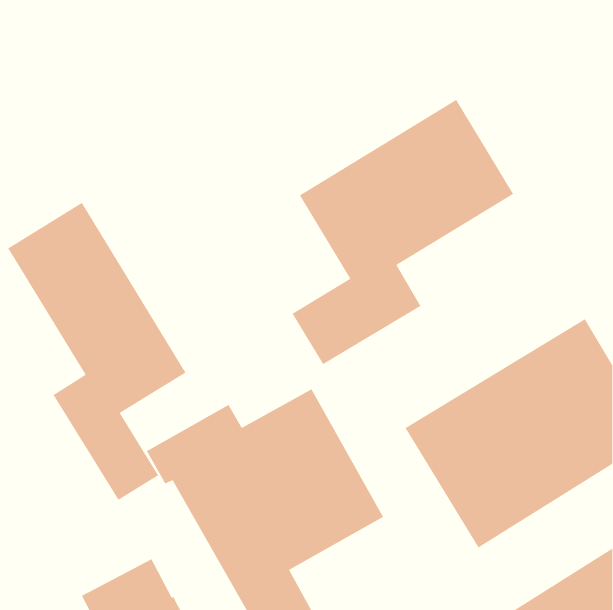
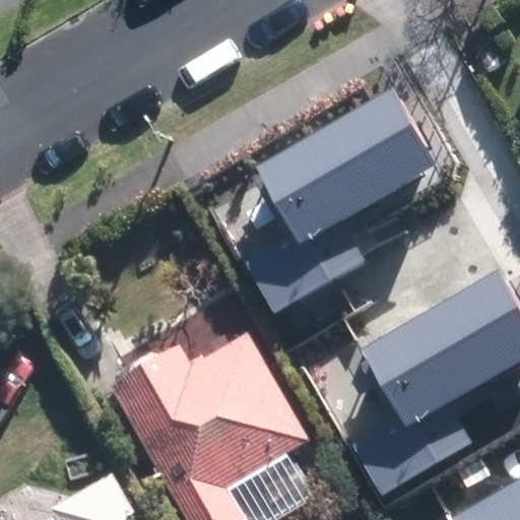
building: [7,202,187,501] -> none

